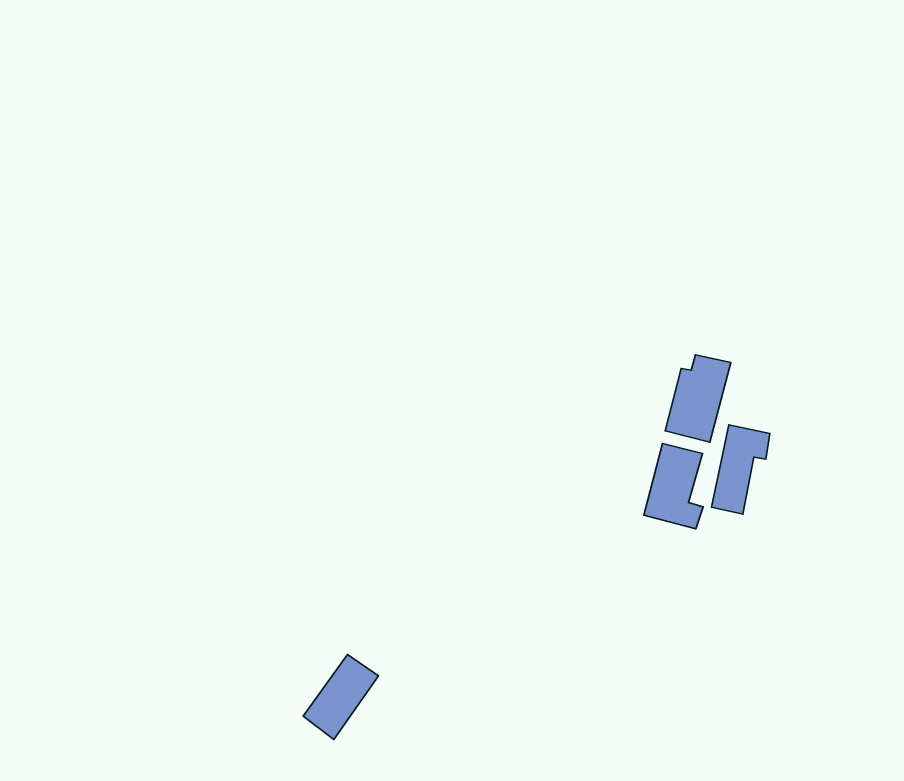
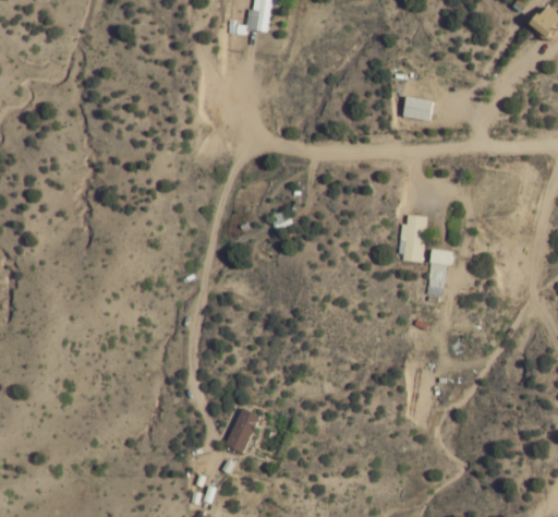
building: none -> [402,95,433,122]
building: [644,443,703,529] -> none

